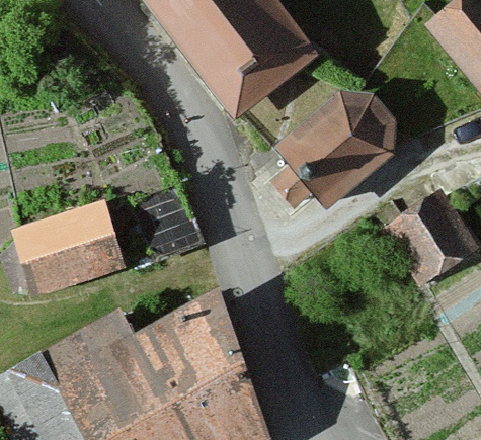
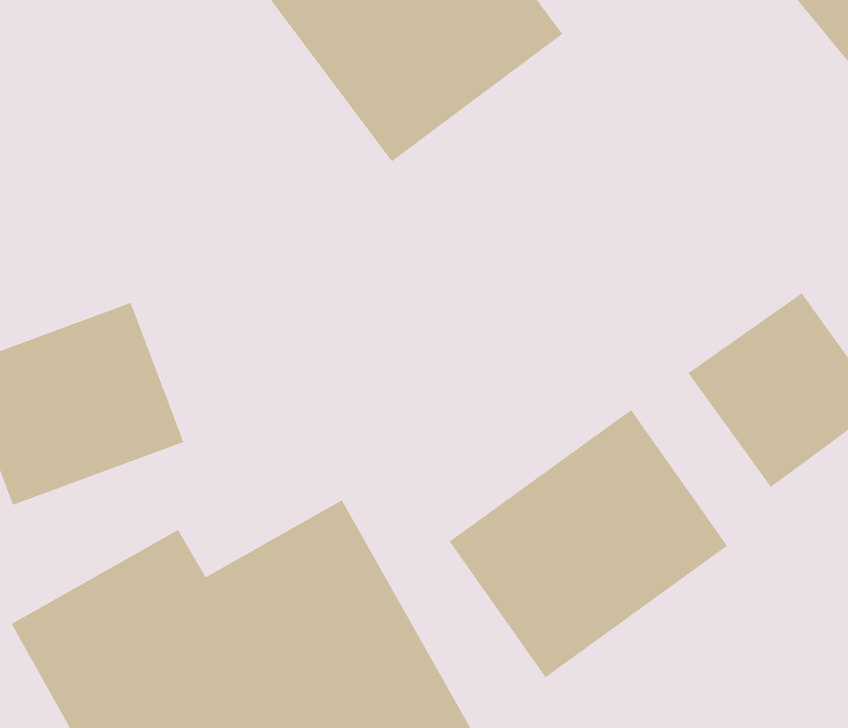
building: [273,92,397,208] -> none
building: none -> [449,409,728,678]

